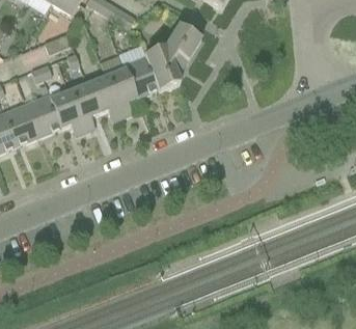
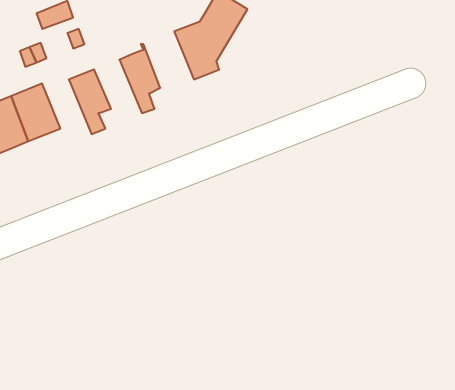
building: [124,55,161,97] -> none
building: [87,76,122,119] -> none
building: [49,90,85,135] -> none

